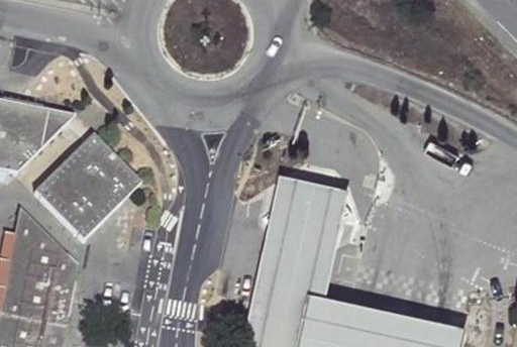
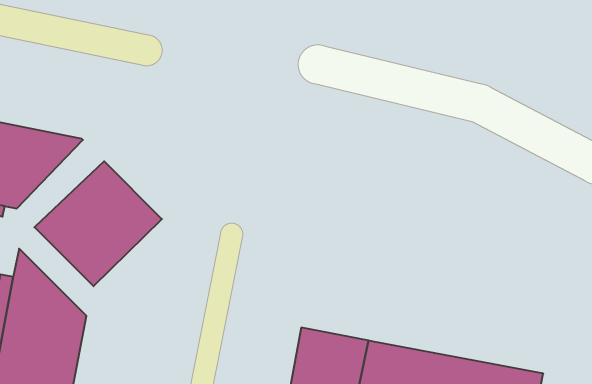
building: [253,174,342,295] -> none

